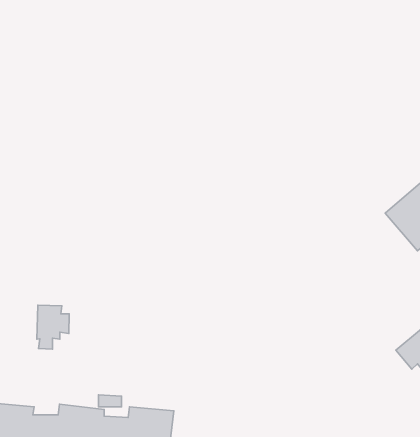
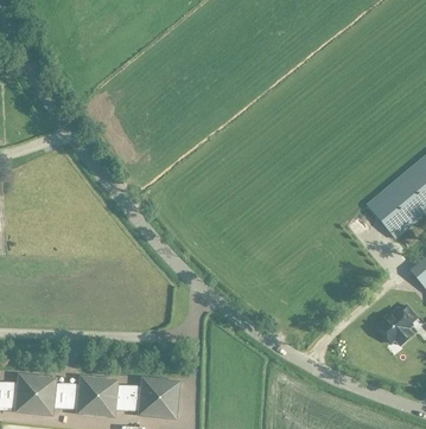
building: [37,305,69,349] -> none

